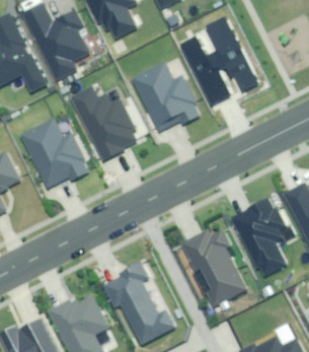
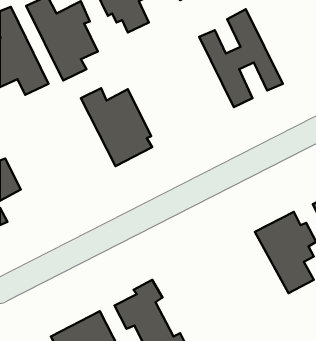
building: [134,60,203,127] -> none
building: [21,118,91,189] -> none
building: [182,223,247,305] -> none

